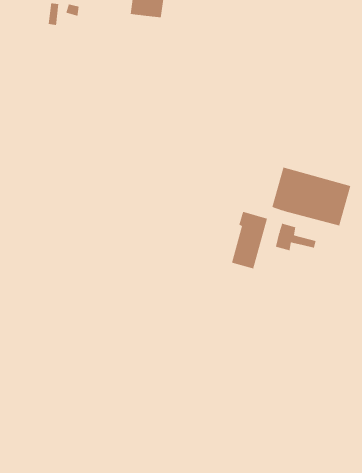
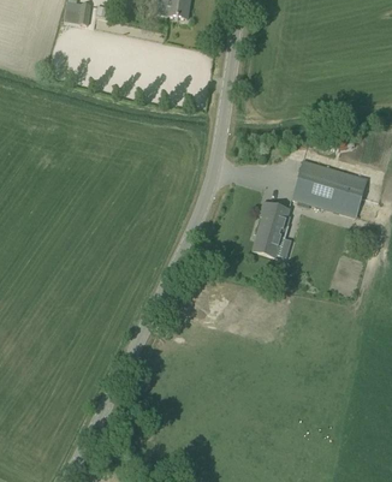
building: [275,223,316,251] -> none

